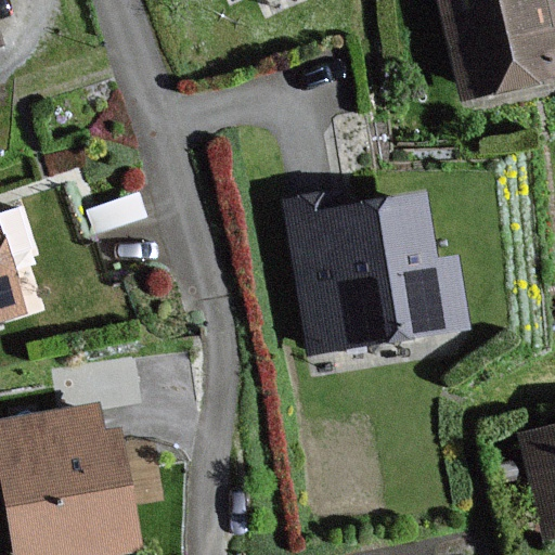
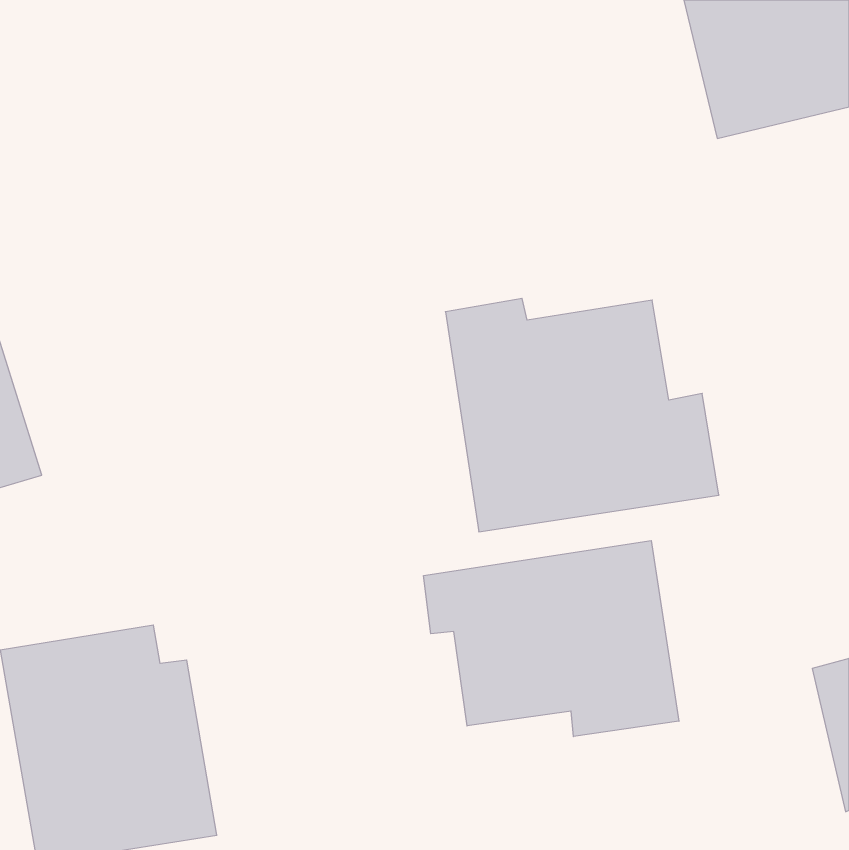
building: none -> [424,541,679,737]

